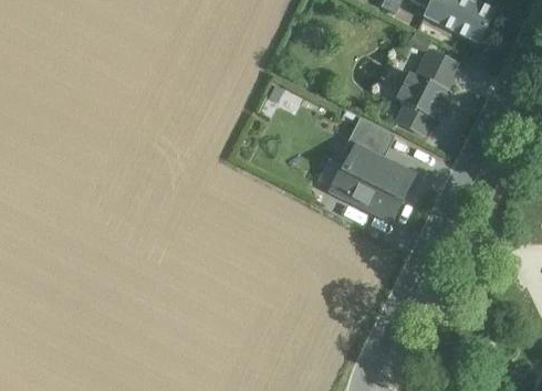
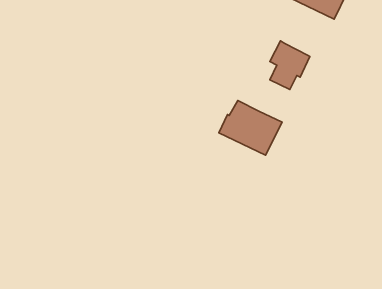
building: [415,47,458,89] -> none
building: [345,116,395,160] -> none

